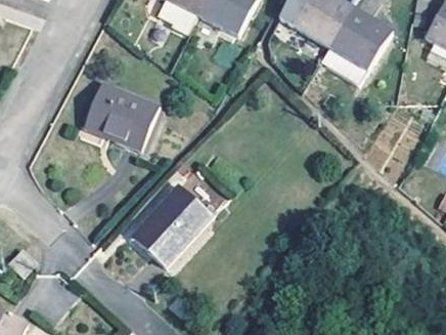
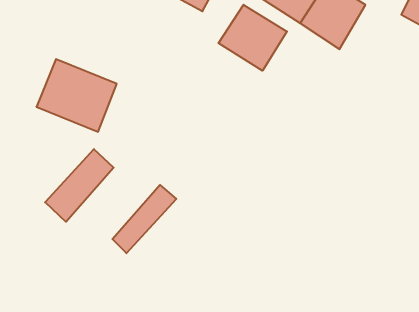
building: none -> [219,5,287,71]
building: [134,184,198,253] -> [45,149,114,222]

